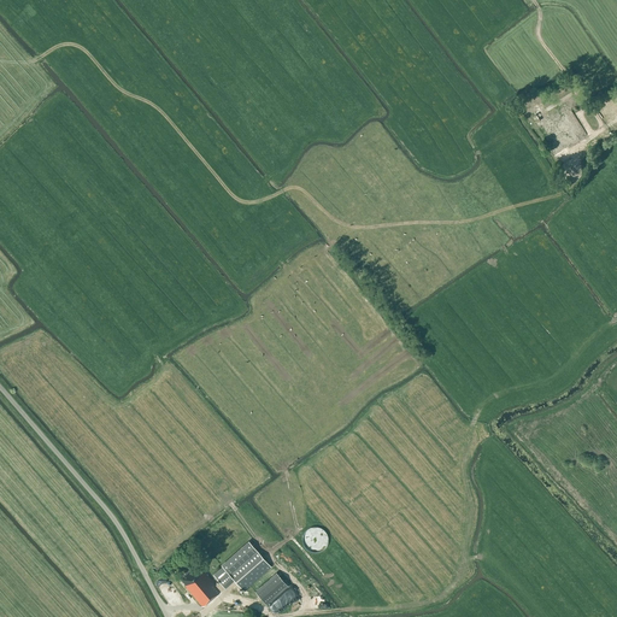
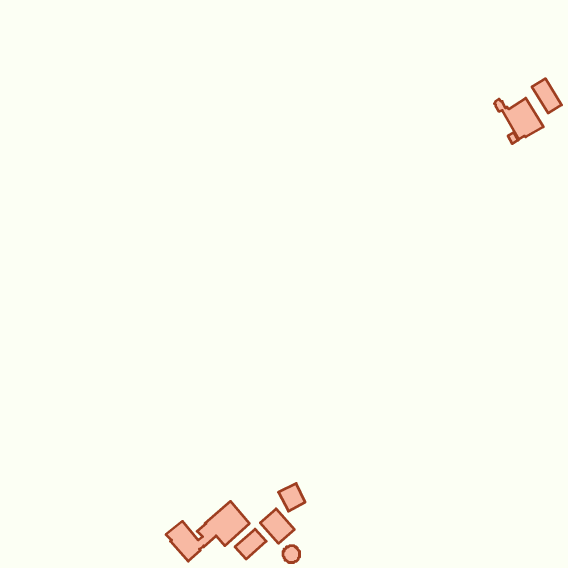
building: none -> [532,79,562,113]
building: none -> [260,509,294,543]

